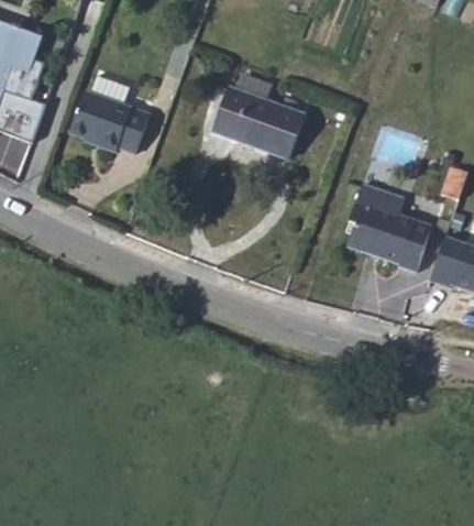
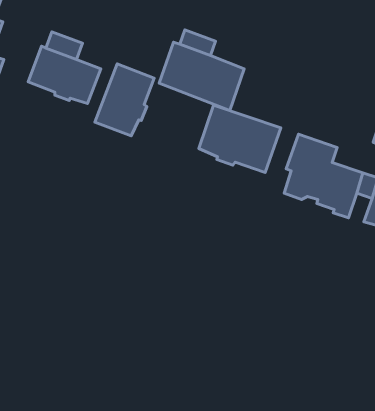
building: none -> [95,64,154,136]
building: none -> [199,105,281,172]

